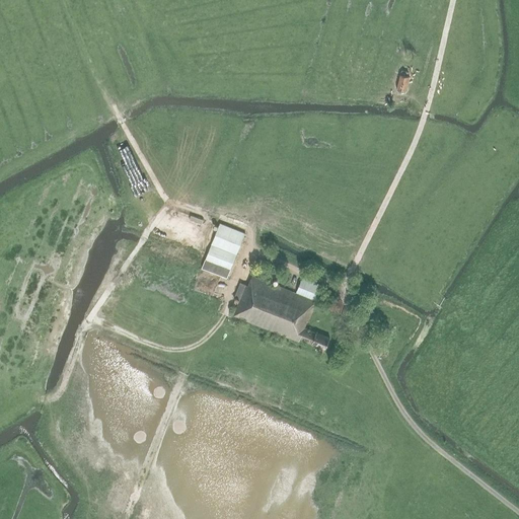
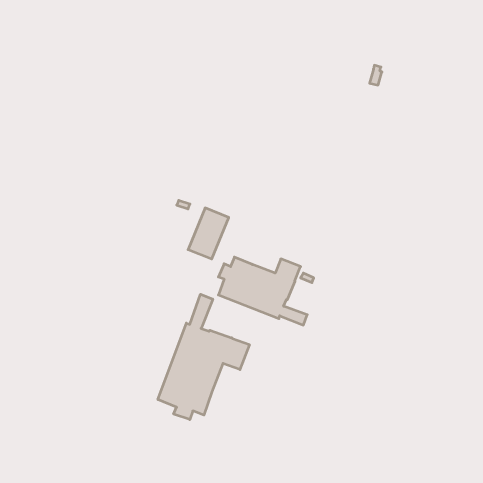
building: none -> [158,294,249,420]

